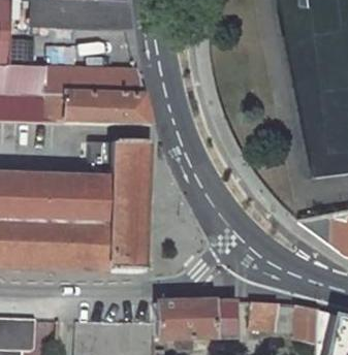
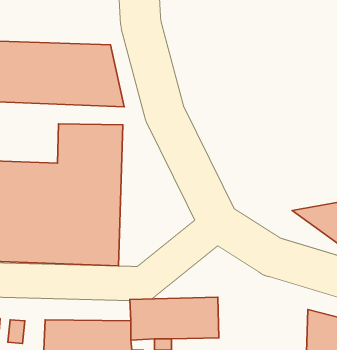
building: [250,300,318,341] -> none

